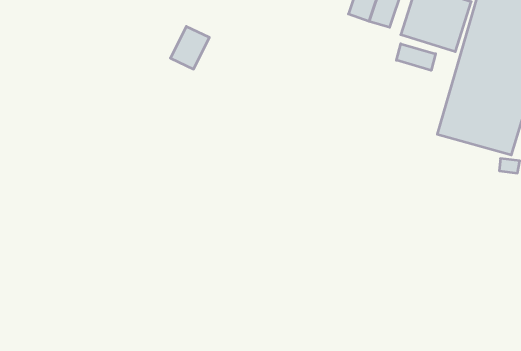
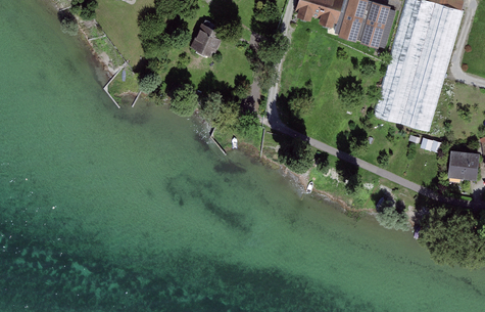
building: [170,26,209,69] -> [192,21,225,57]
building: [396,44,436,70] -> none

